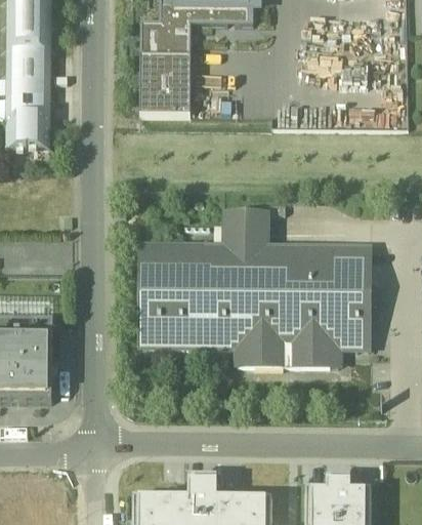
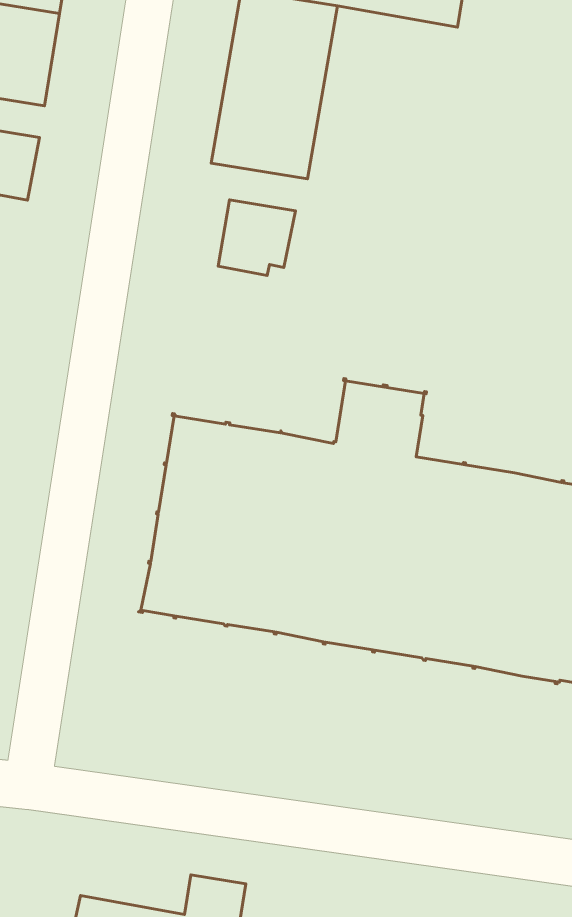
building: none -> [218,200,296,276]
building: [237,347,339,364] -> none

